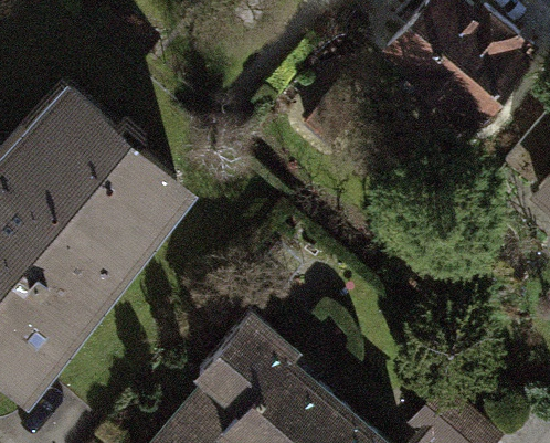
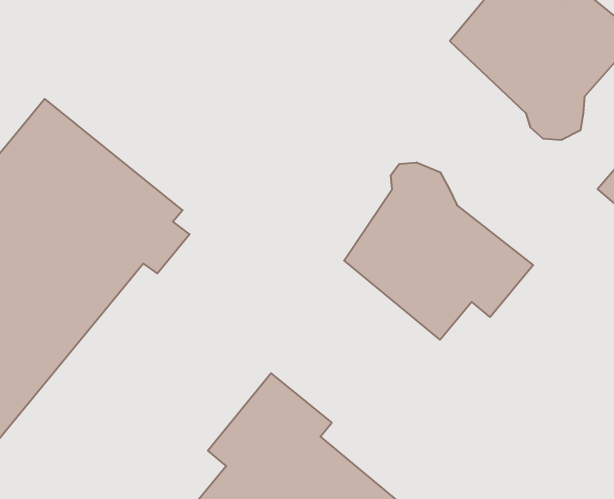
building: none -> [344,162,533,340]

